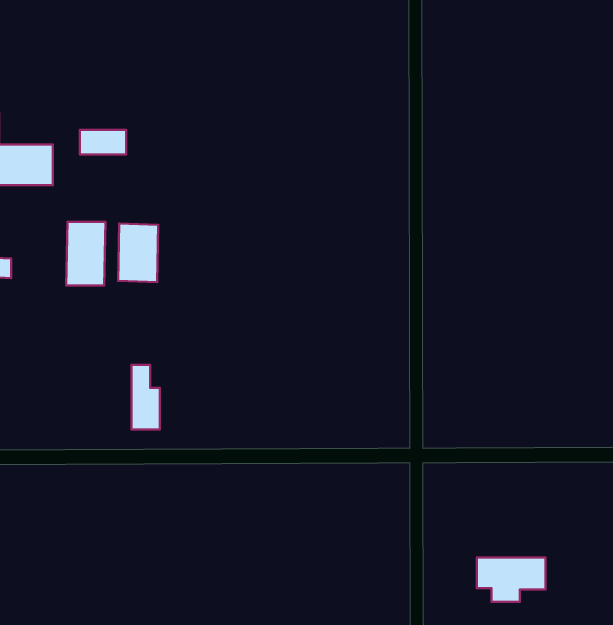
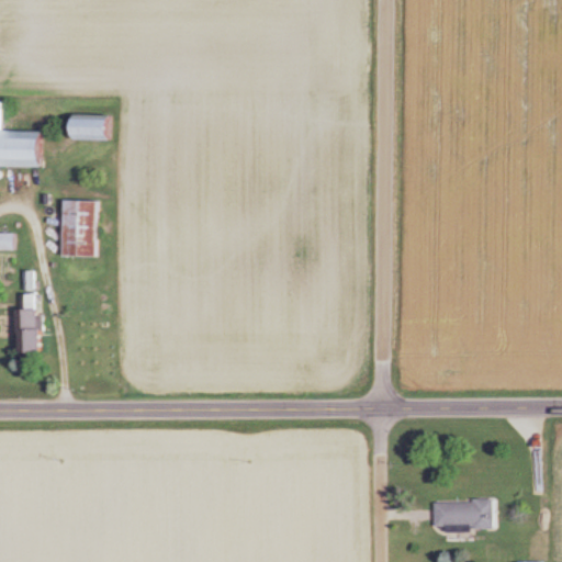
building: [118,223,158,282] -> none
building: [132,365,160,430] -> [14,293,40,351]

